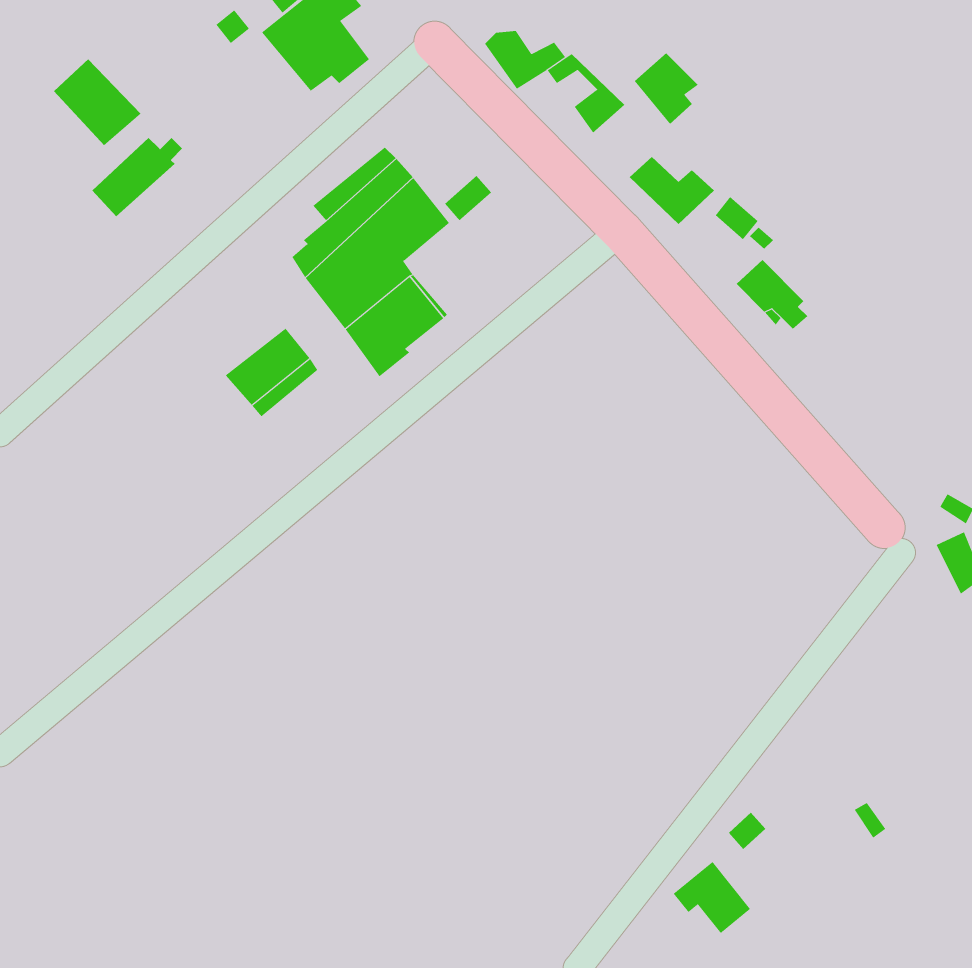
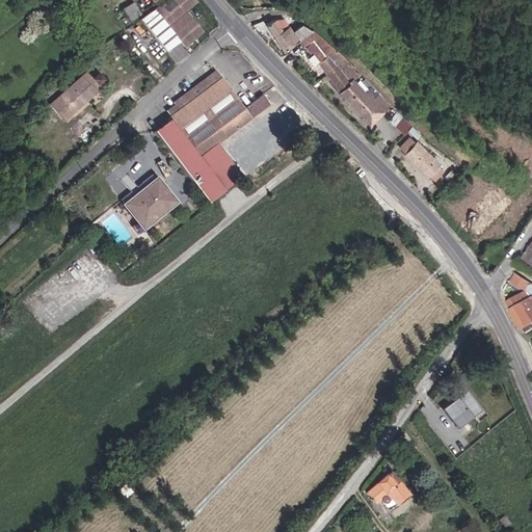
building: [634,52,699,125] -> [324,57,360,97]
building: [53,59,142,146] -> none
building: none -> [443,389,481,426]

